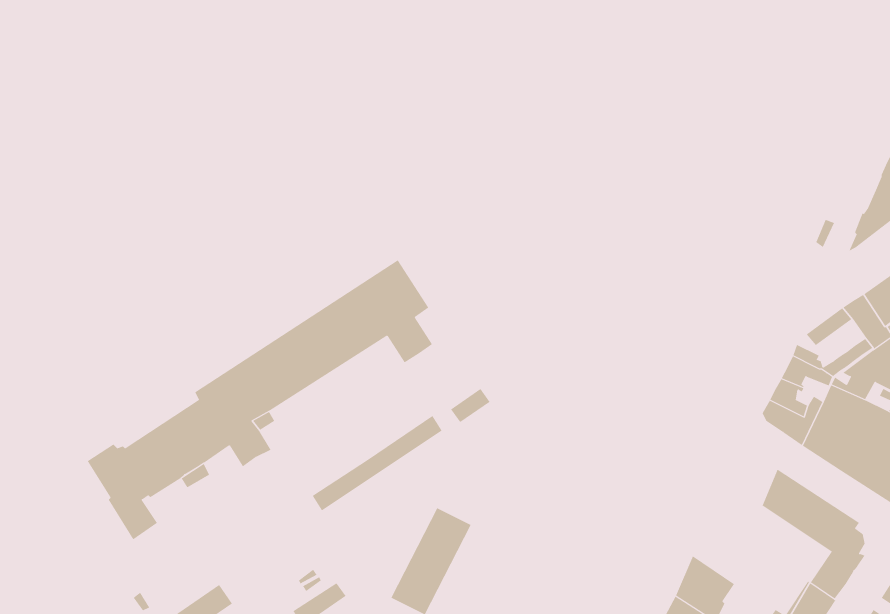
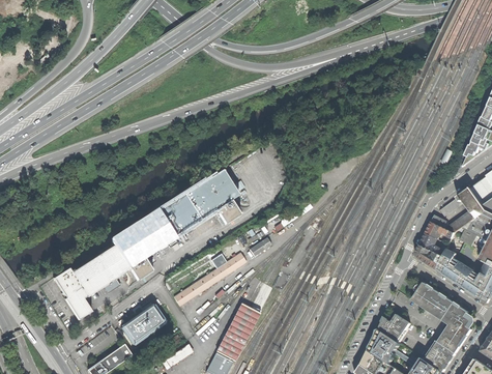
building: none -> [117,305,163,346]
building: none -> [377,314,413,344]

